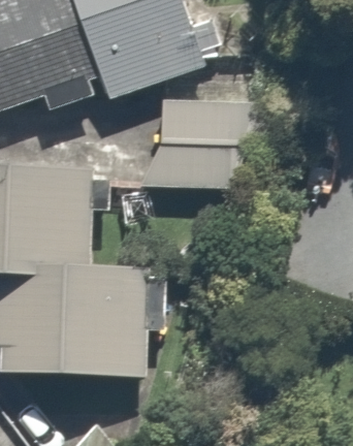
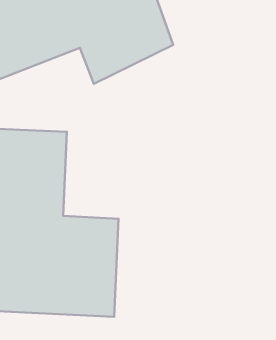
building: [159,108,245,186] -> none

